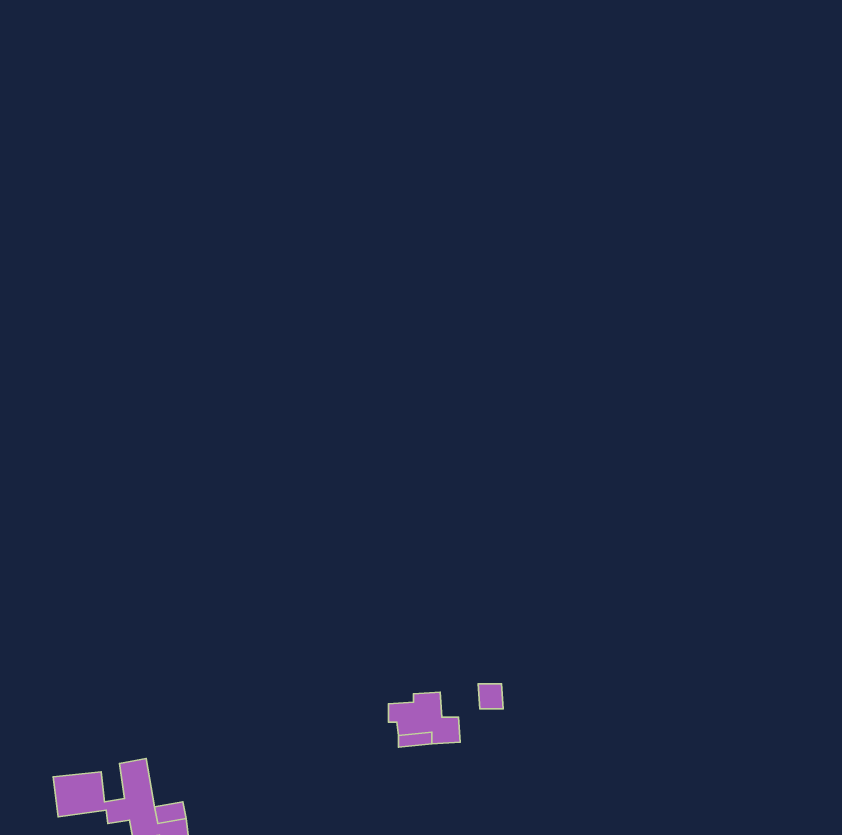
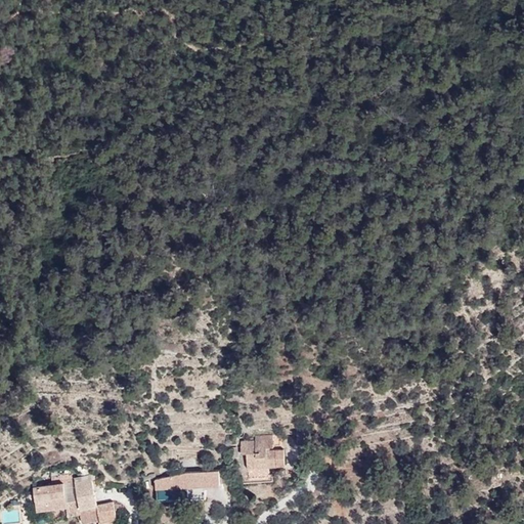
building: none -> [152,472,218,499]

